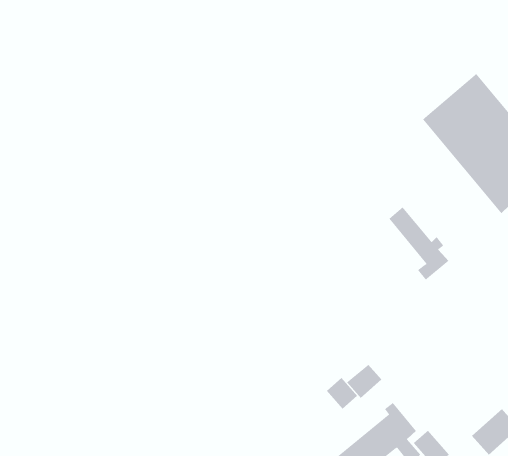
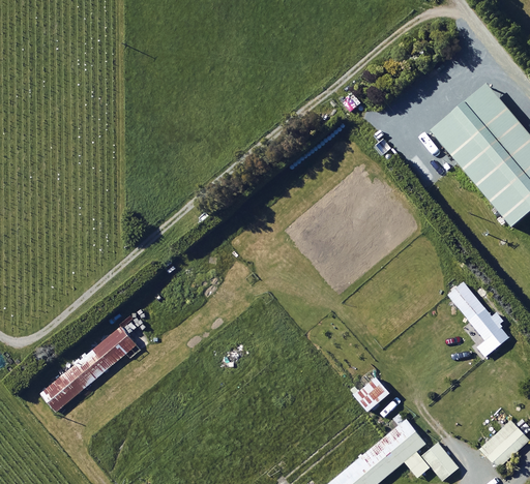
building: [389,206,449,280] -> [448,281,509,356]
building: none -> [40,327,138,413]
building: [326,377,358,409] -> none

